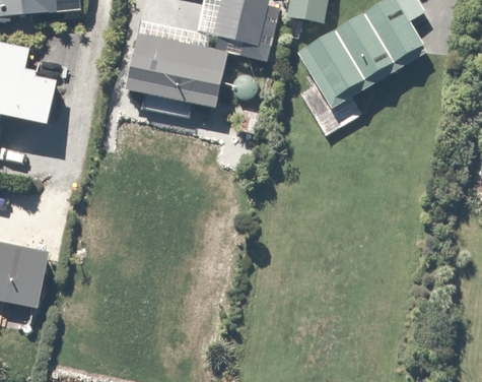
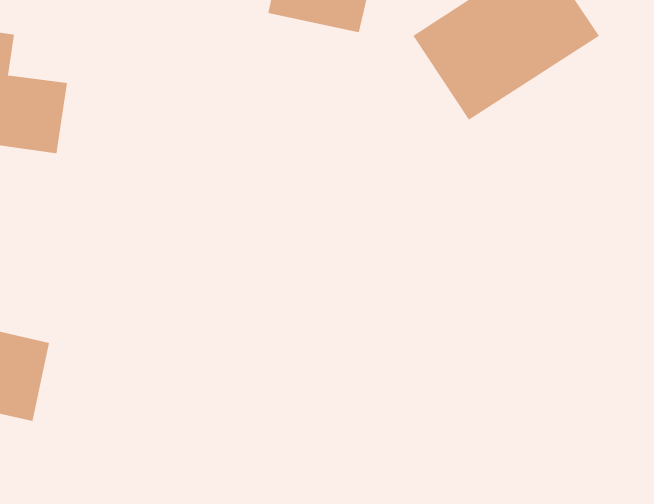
building: [124,31,230,108] -> none

